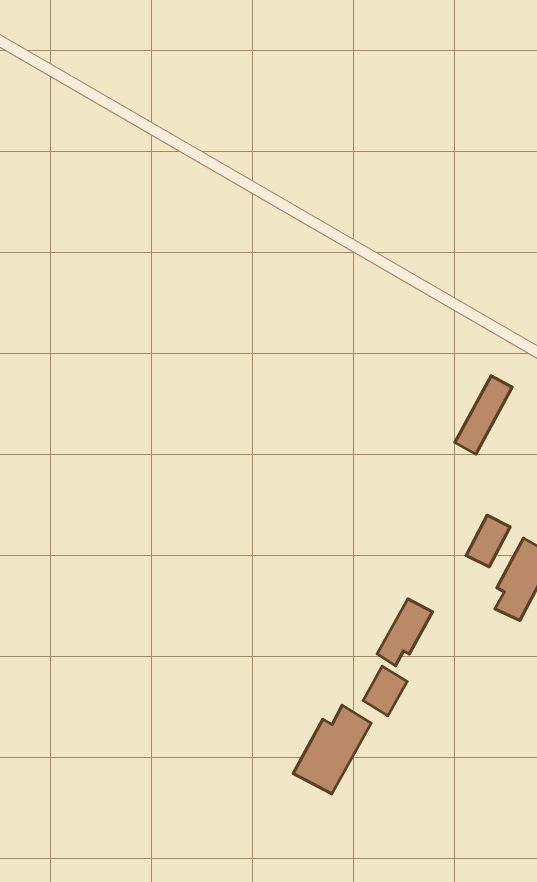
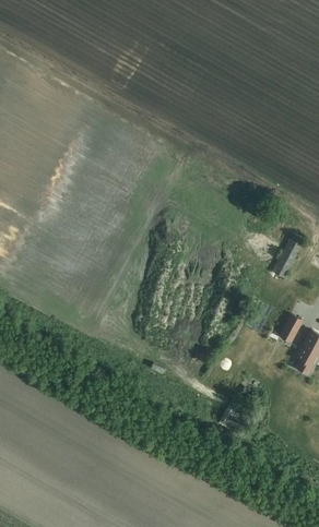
building: [377,599,433,666] -> none
building: [293,705,371,794] -> none

